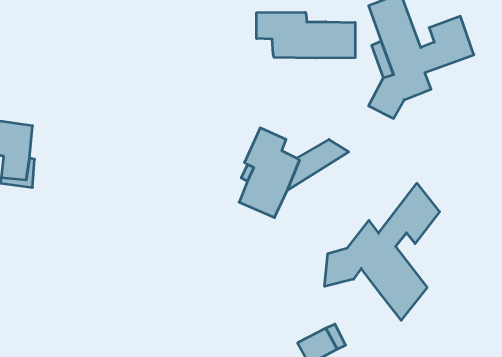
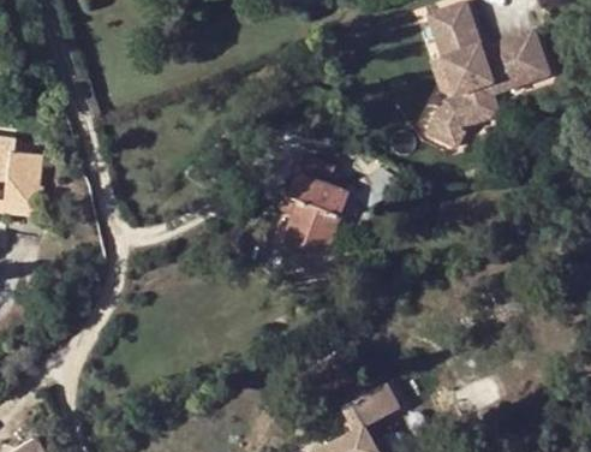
building: [257,12,355,58] -> none
building: [325,183,440,320] -> none

